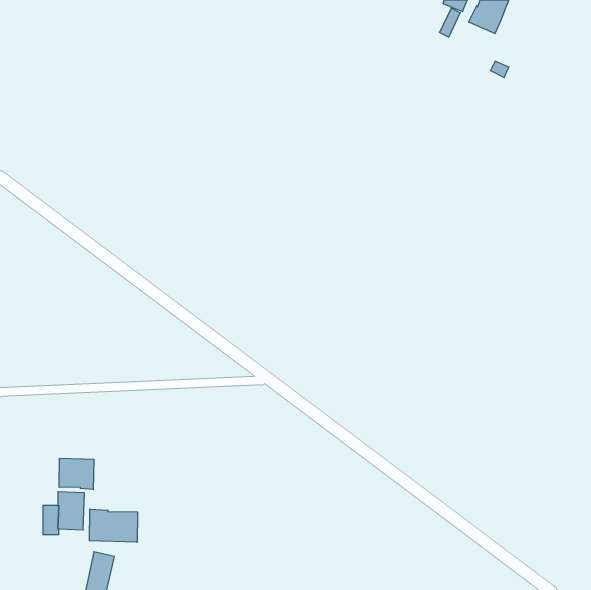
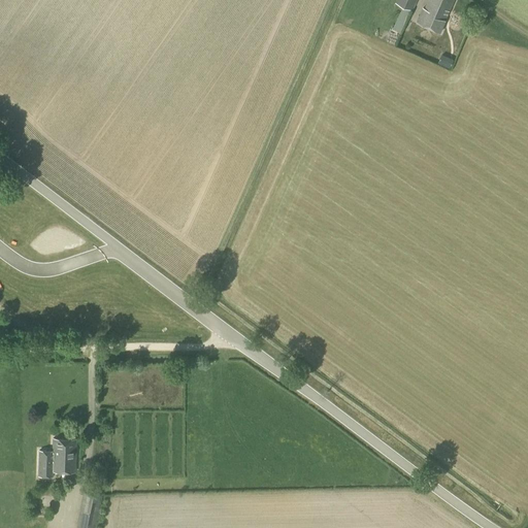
building: [59,458,94,490] -> none
building: [89,509,138,542] -> none

